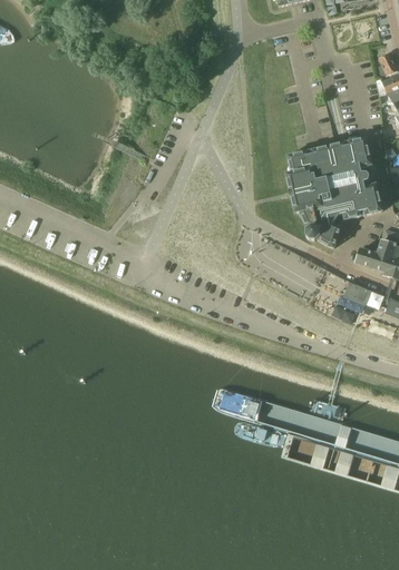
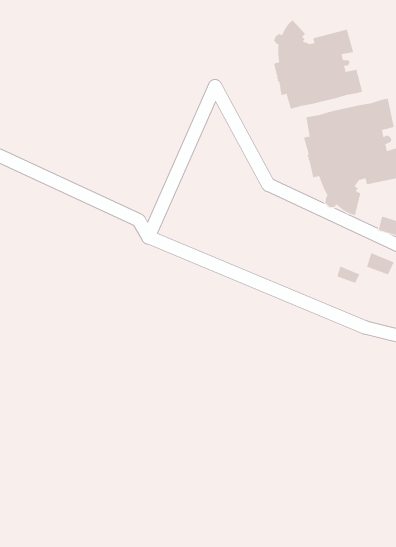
building: none -> [273,20,363,110]

